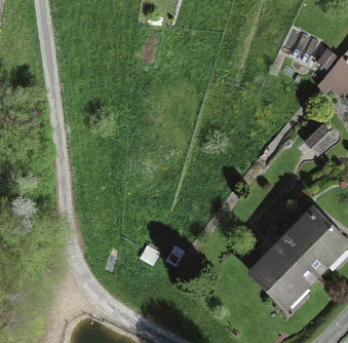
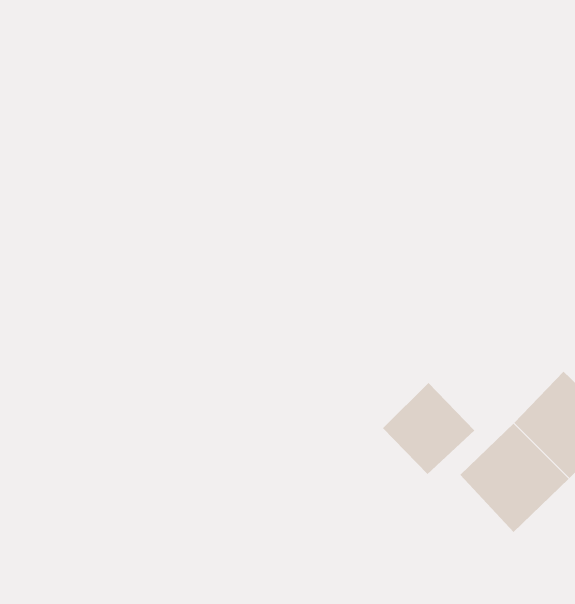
building: none -> [382,382,475,475]

